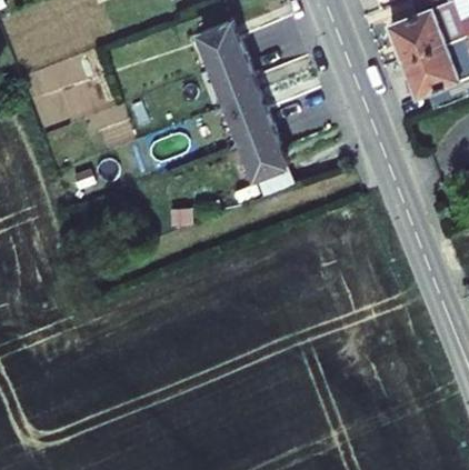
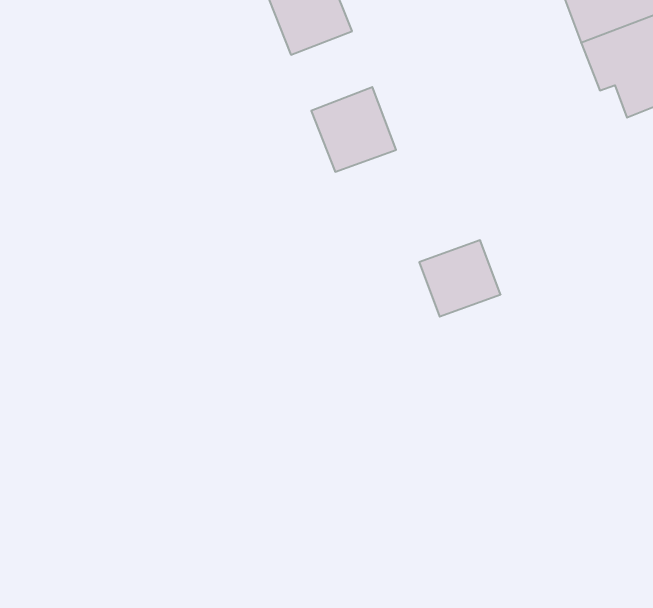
building: [208,56,261,108] -> none
building: [237,133,290,183] -> [419,240,501,317]

